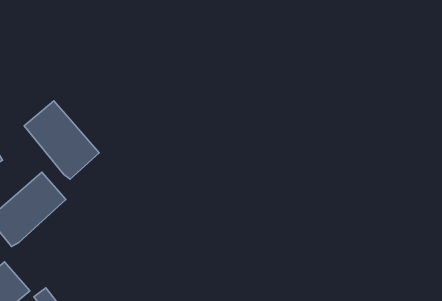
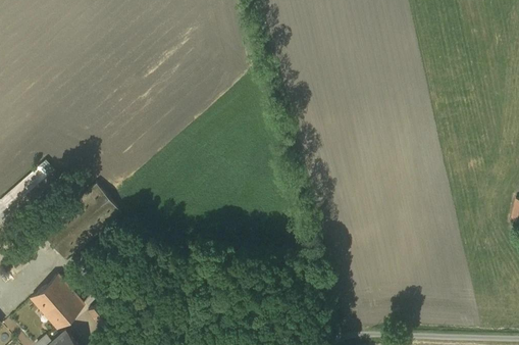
building: [24,101,99,179] -> none

